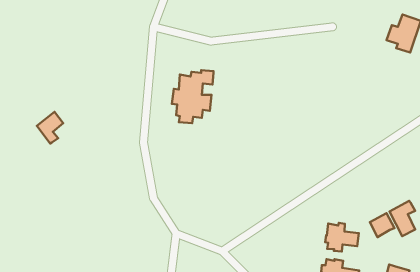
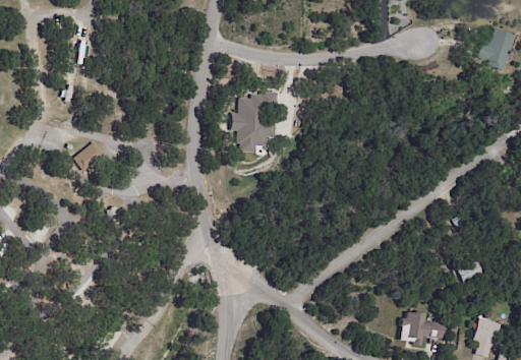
building: [390,201,415,236] -> none
building: [325,223,359,251] -> none

